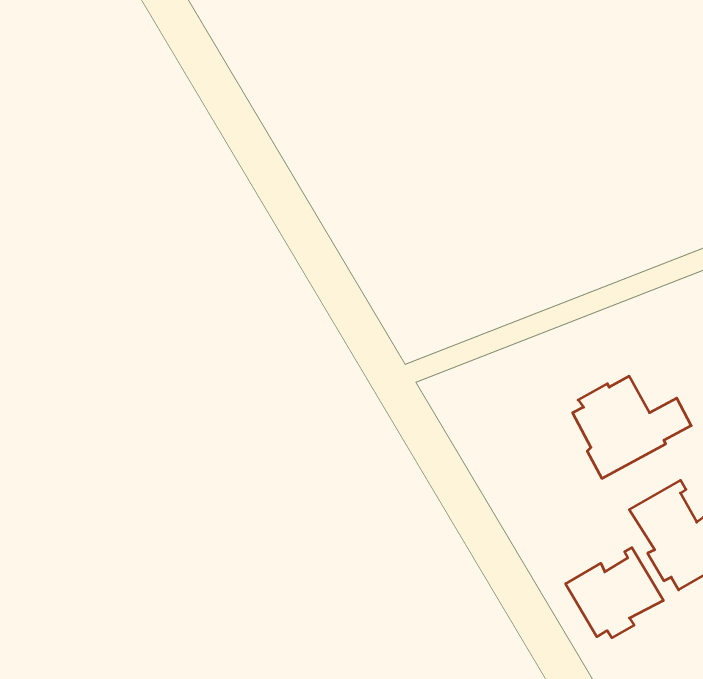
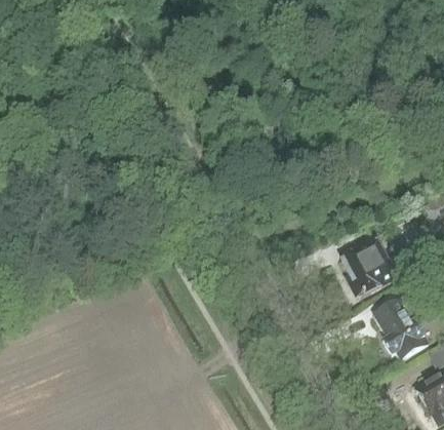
building: [566,548,663,638] -> none

